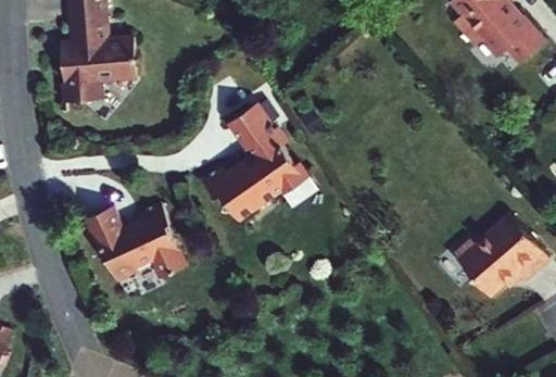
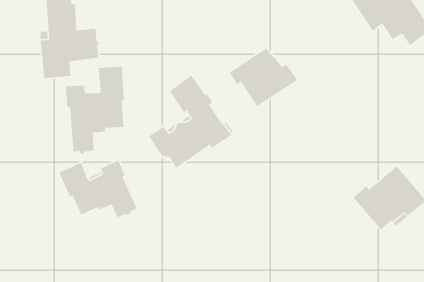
building: none -> [229,47,298,107]
building: none -> [65,66,125,155]

